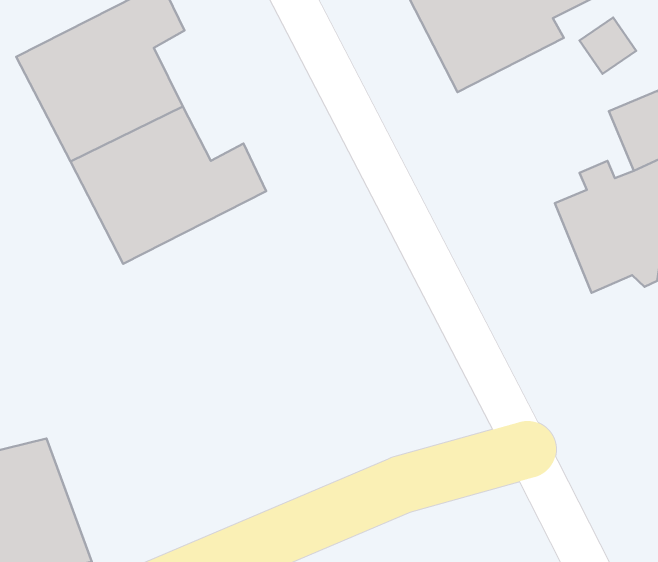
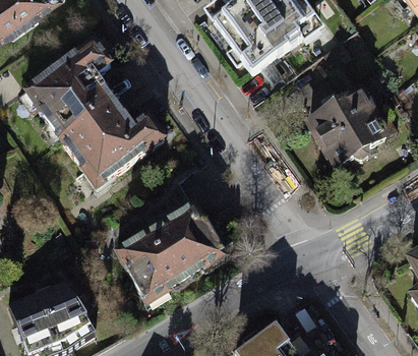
building: none -> [116,204,223,301]

